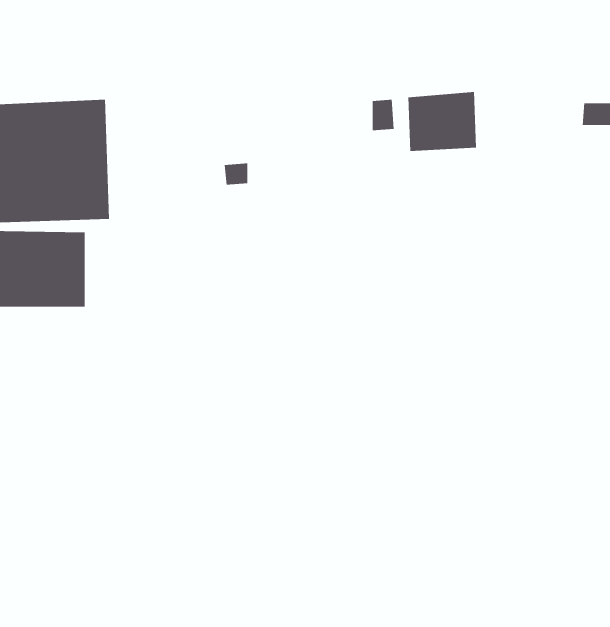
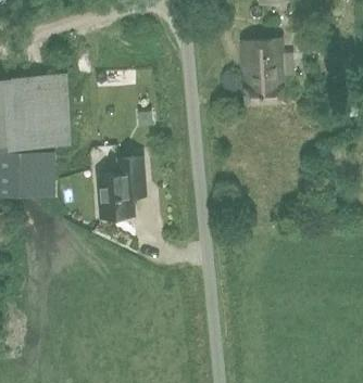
building: none -> [241,39,283,74]
building: none -> [98,157,145,218]

